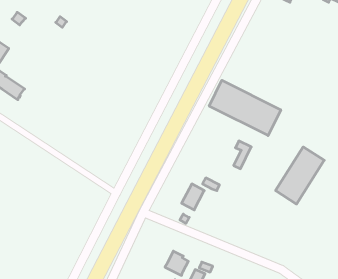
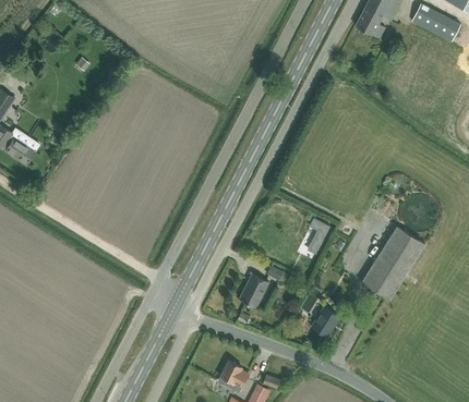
building: [209,80,281,136] -> none
building: none -> [311,306,340,337]

